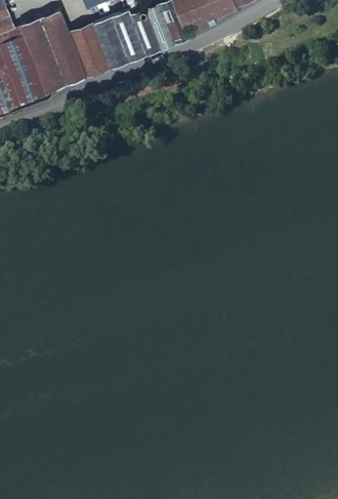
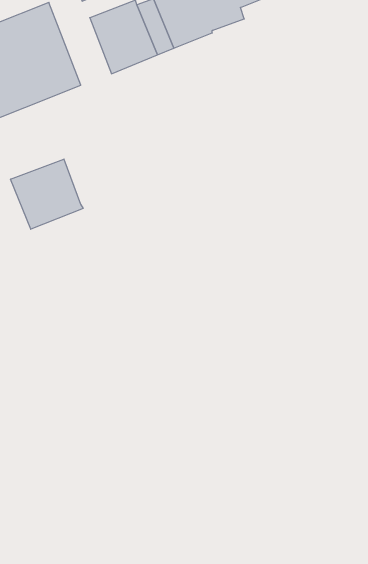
building: [68,23,110,77] -> none
building: none -> [11,159,83,229]

